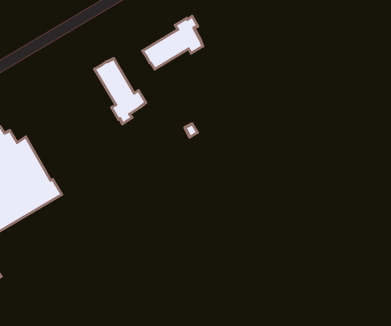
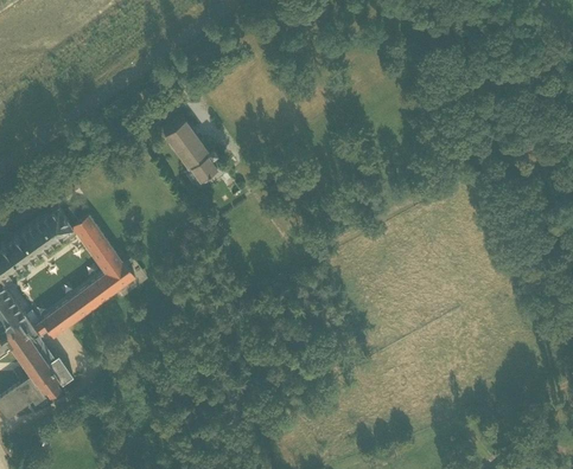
building: [143,16,203,69] -> none

